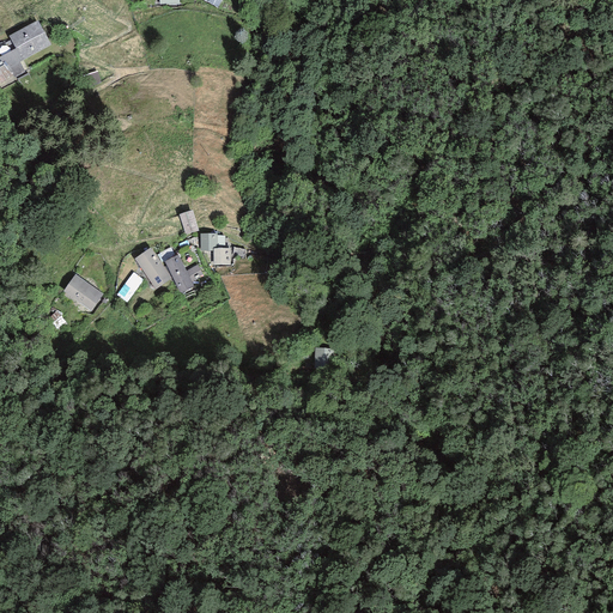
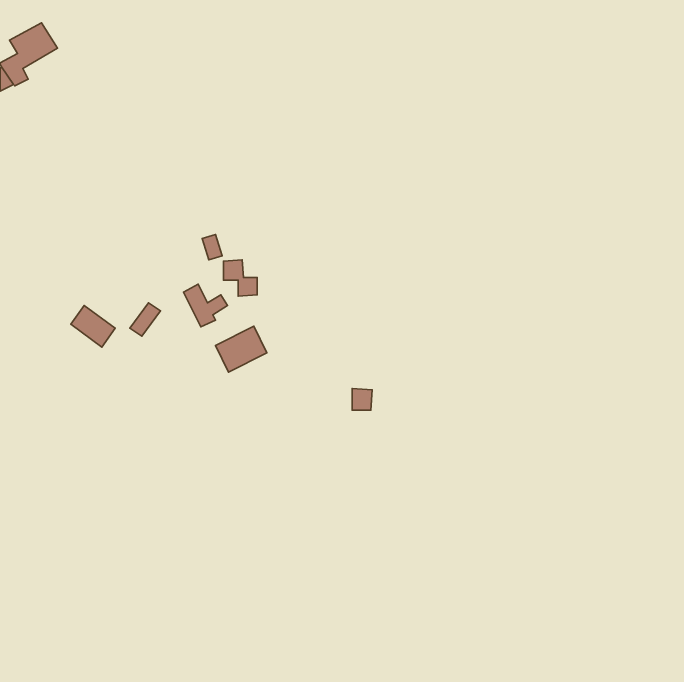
building: [134,247,171,287] -> none
building: none -> [216,326,267,372]

